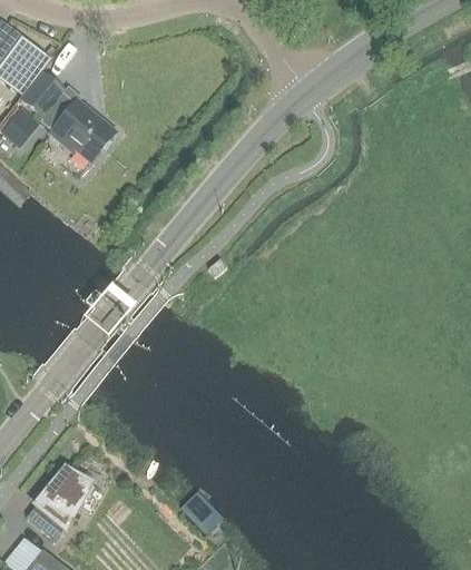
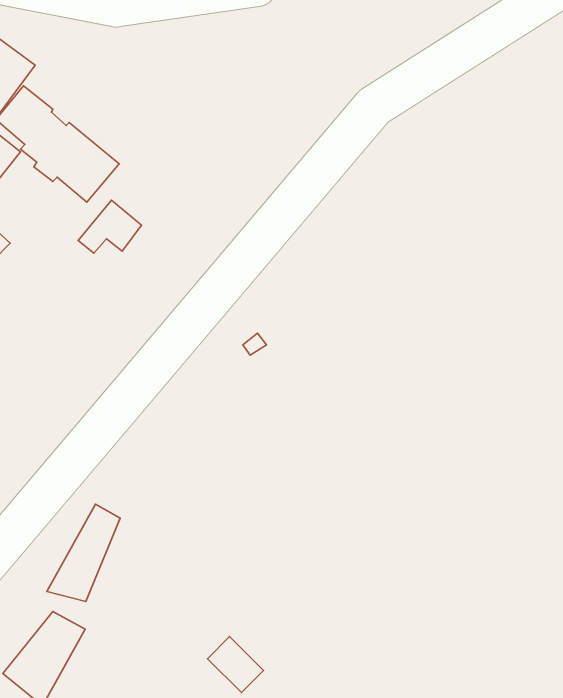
building: none -> [78,200,142,253]
building: none -> [47,504,120,602]

